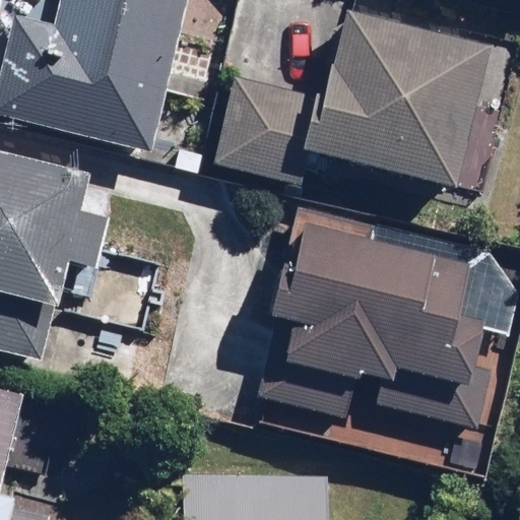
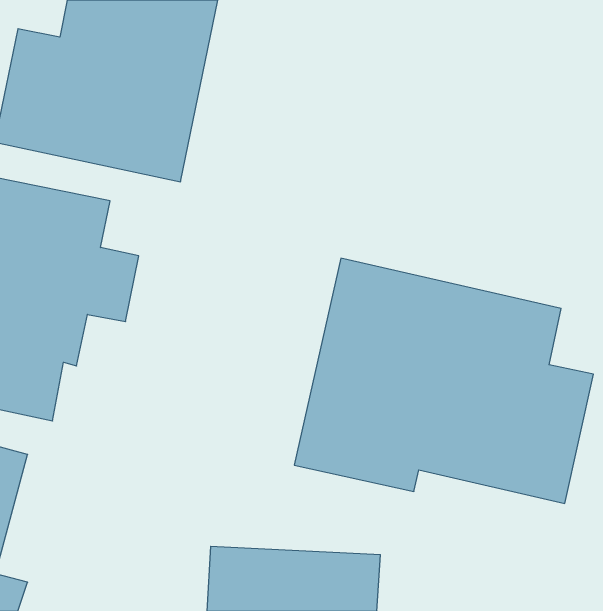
building: [323,14,490,176] -> none
building: [216,81,321,182] -> none

